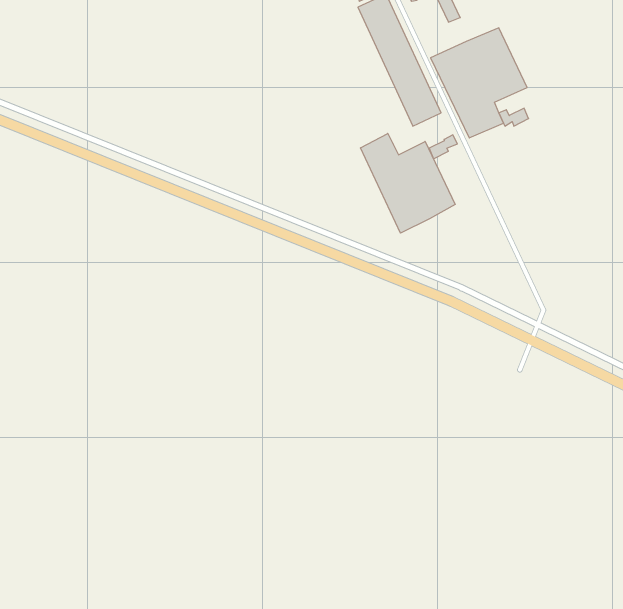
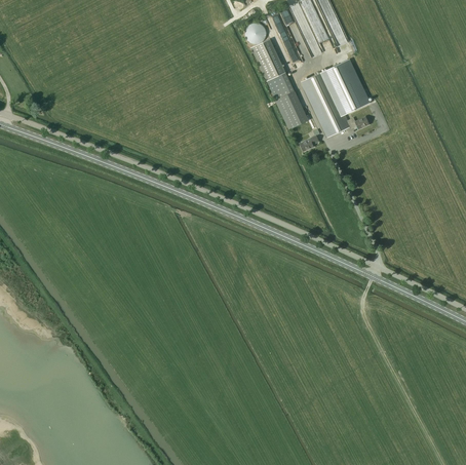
building: [361,133,455,233] -> none

